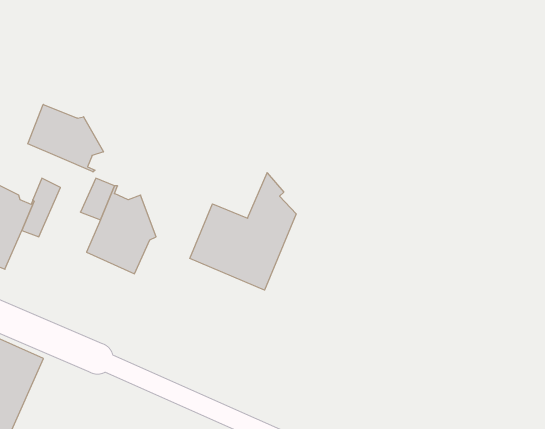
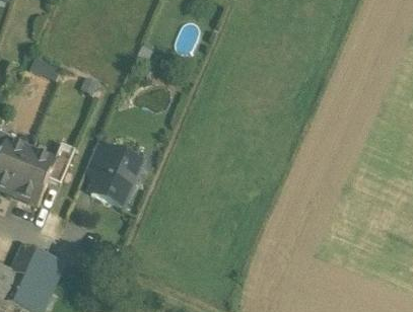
building: [28,104,103,172] -> none
building: [190,173,296,290] -> none

